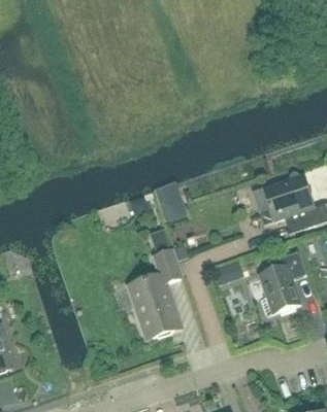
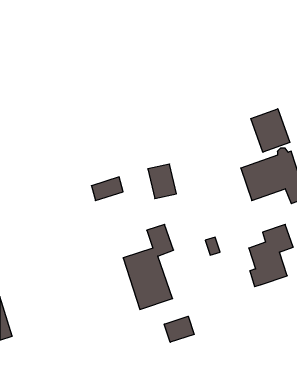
building: none -> [251,109,290,152]
building: none -> [164,316,194,342]

